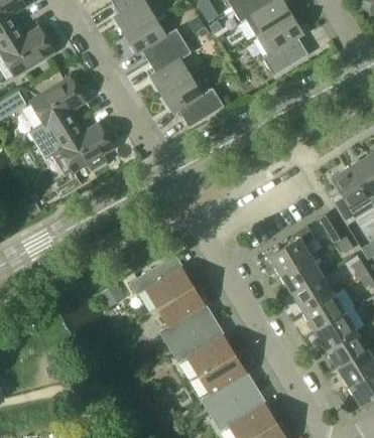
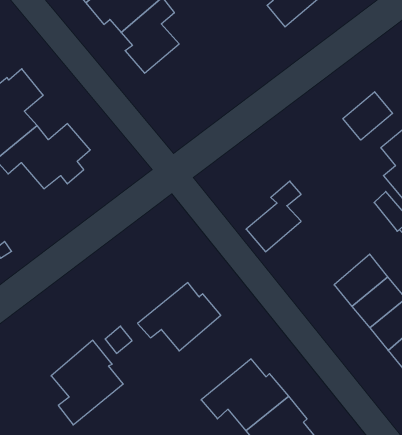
building: [162,78,225,128] -> none
building: none -> [343,92,393,140]
building: [269,226,315,276] -> [246,181,301,252]
building: [157,286,211,347] -> [51,340,123,425]

